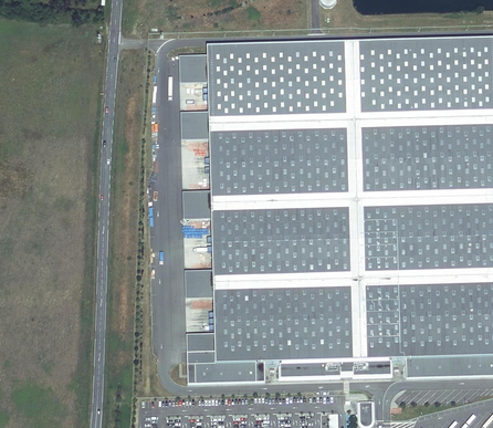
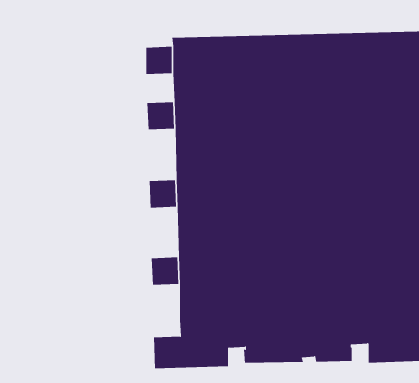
building: [189,331,218,348] -> none

